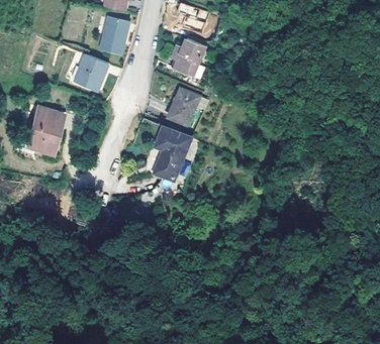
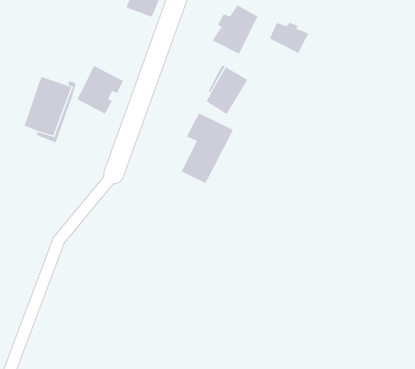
building: none -> [269,22,309,54]
building: [75,53,110,91] -> [76,65,124,115]

